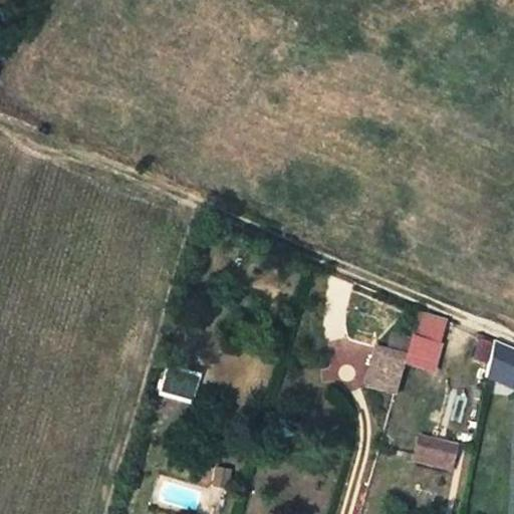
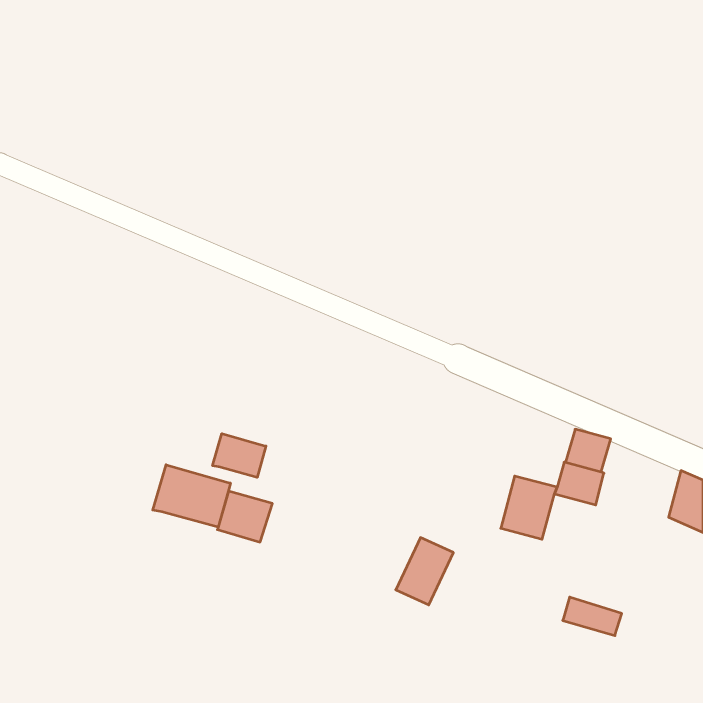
building: none -> [213,434,266,477]
building: [325,338,367,388] -> [396,538,453,605]
building: none -> [153,465,230,527]

